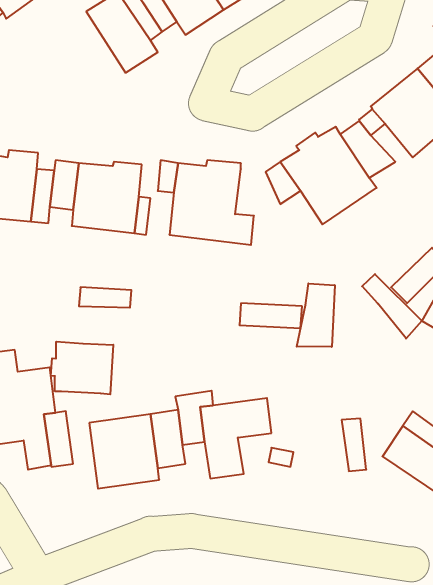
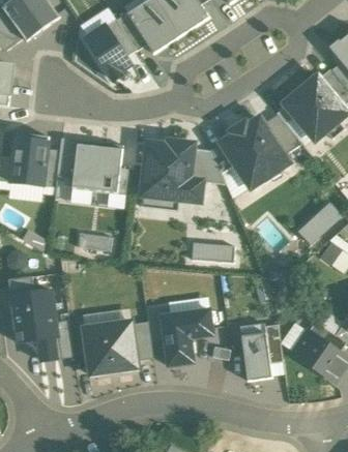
building: none -> [187,149,224,185]
building: [362,274,422,339] -> none
building: [297,283,335,347] -> none
building: [51,342,113,394] -> none
building: none -> [239,333,269,381]

